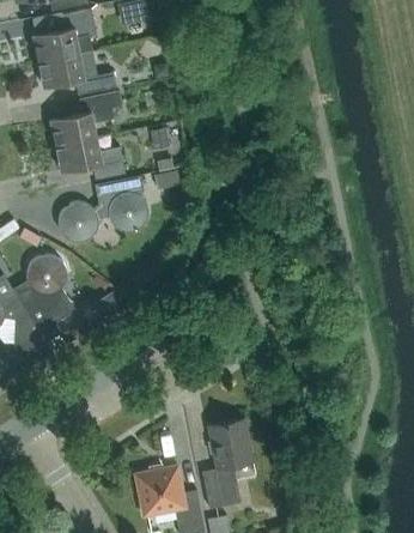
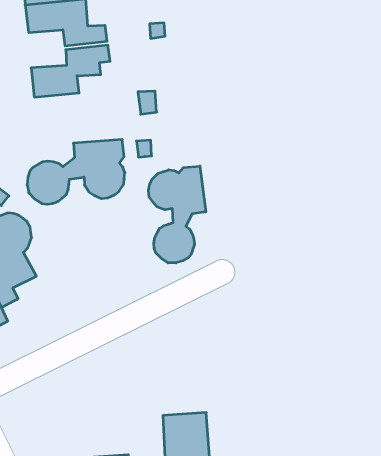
building: [55,137,124,178] -> none
building: none -> [148,166,206,263]

